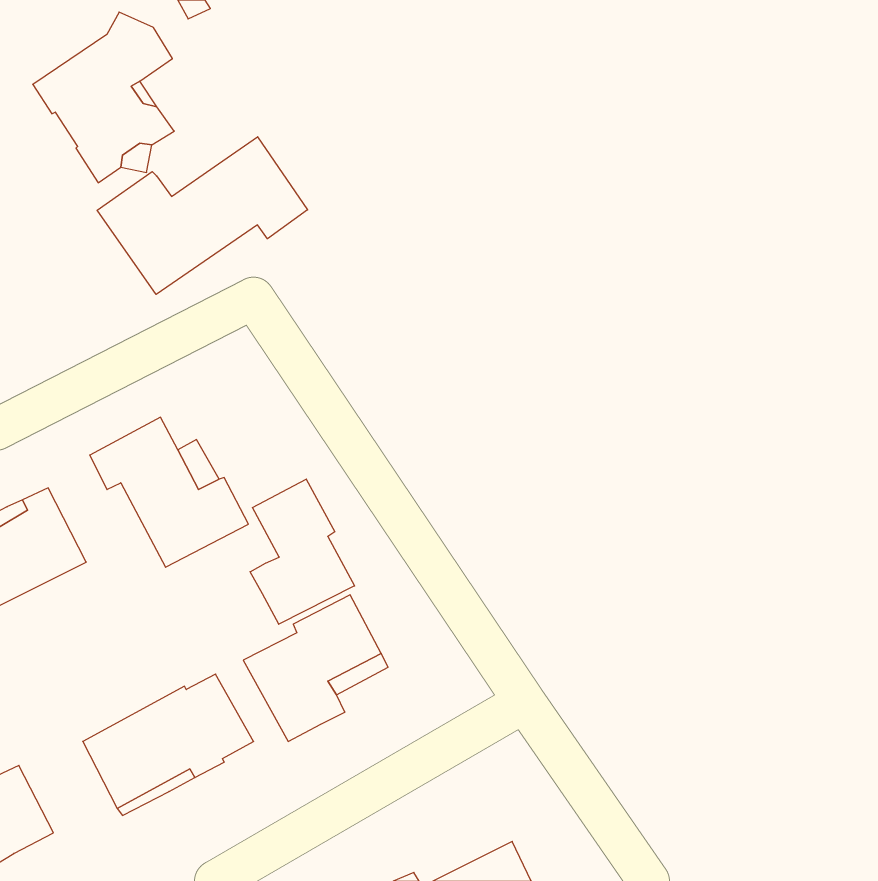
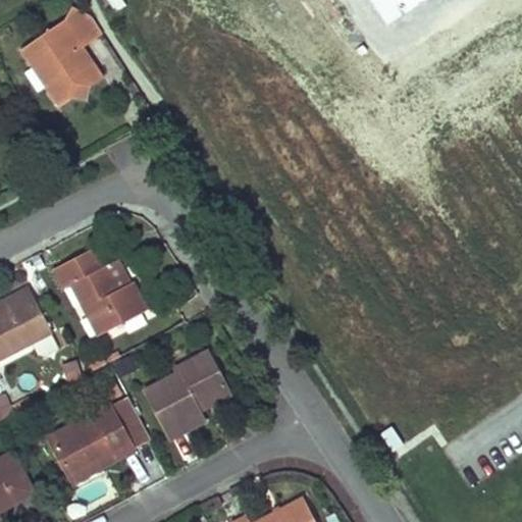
building: [97,137,308,294] -> none
building: [250,479,355,624] -> none

